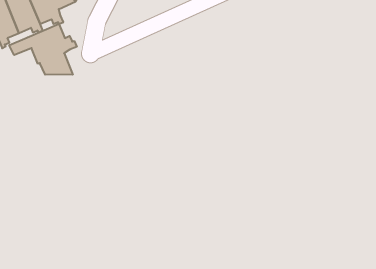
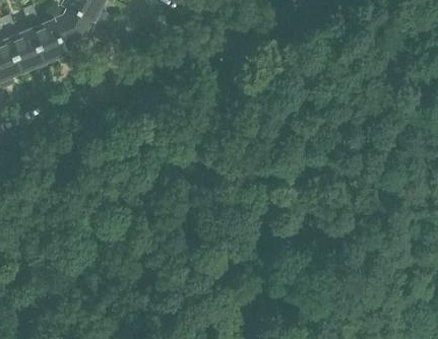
building: [9,24,77,75] -> none

